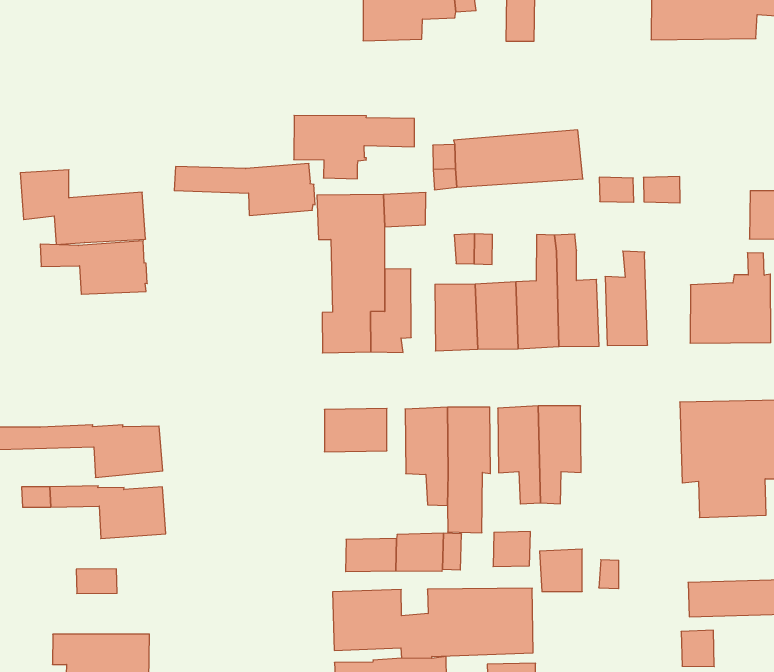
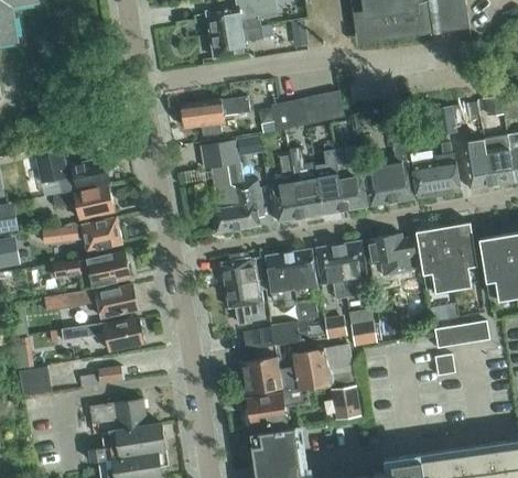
building: [174,164,315,215] -> [43,217,122,250]
building: none -> [385,137,414,202]
building: none -> [54,250,131,286]
building: none -> [366,233,416,274]
building: none -> [225,280,266,321]

